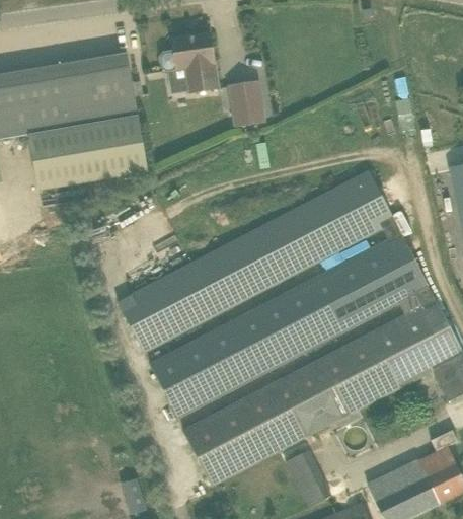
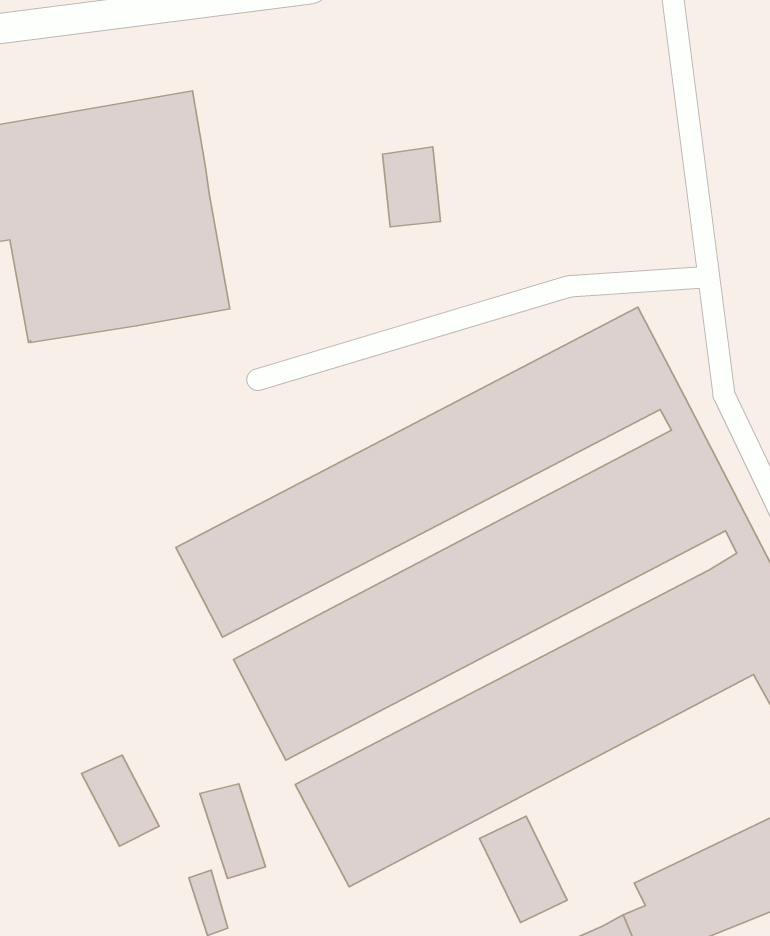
building: [161,32,218,91] -> none
building: none -> [82,755,159,846]
building: none -> [200,784,266,878]

